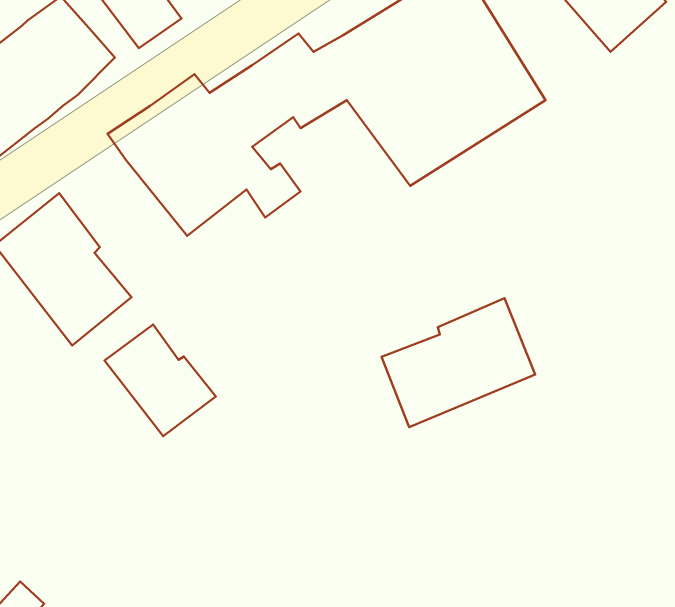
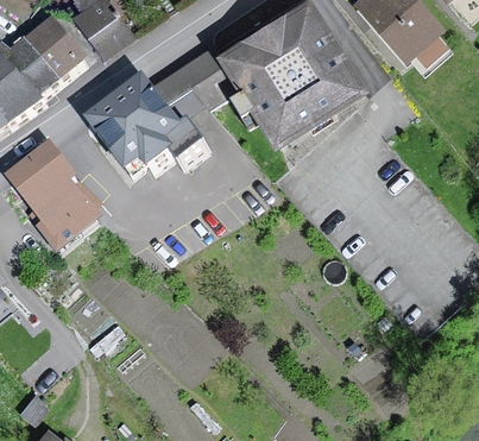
building: [381,298,535,427] -> none
building: [105,324,216,436] -> none

